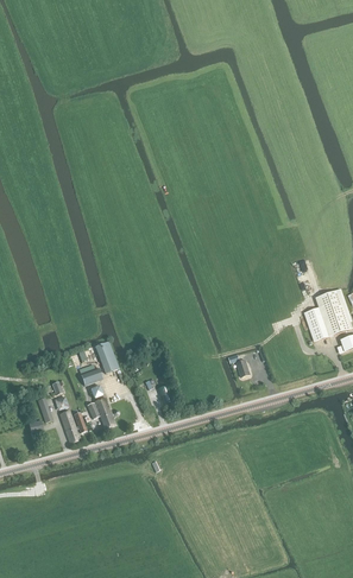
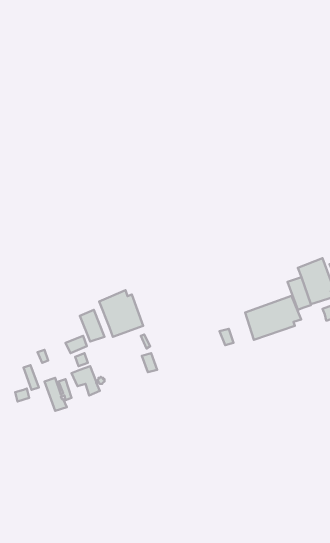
building: none -> [99,290,143,337]
building: none -> [245,296,301,340]

